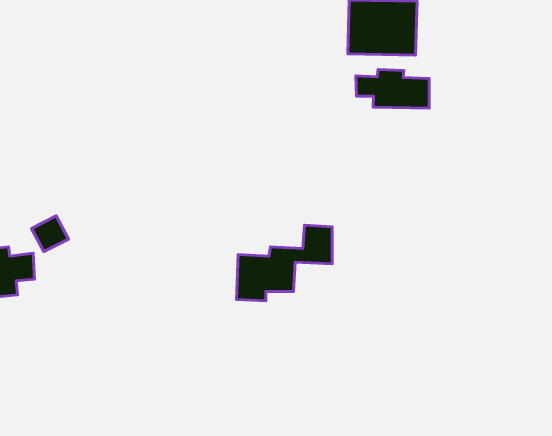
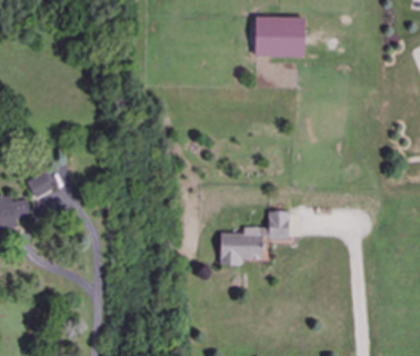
building: [356,70,429,108] -> none
building: [237,225,332,301] -> [221,211,290,266]

